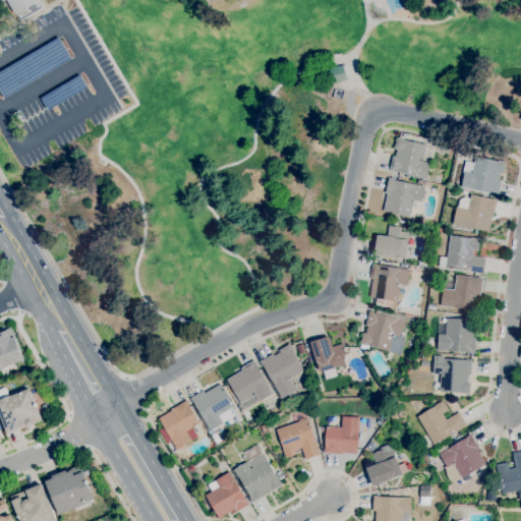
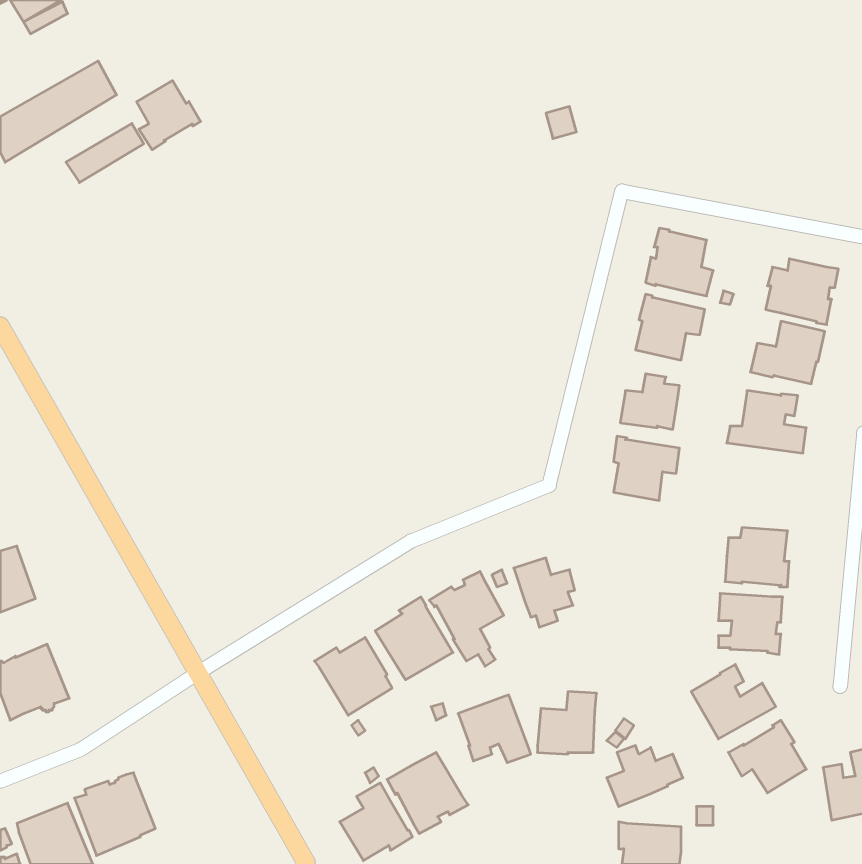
building: none -> [137,81,201,150]
building: [441,275,483,310] -> none
building: [360,308,416,355] -> none
building: [159,400,200,450] -> none

